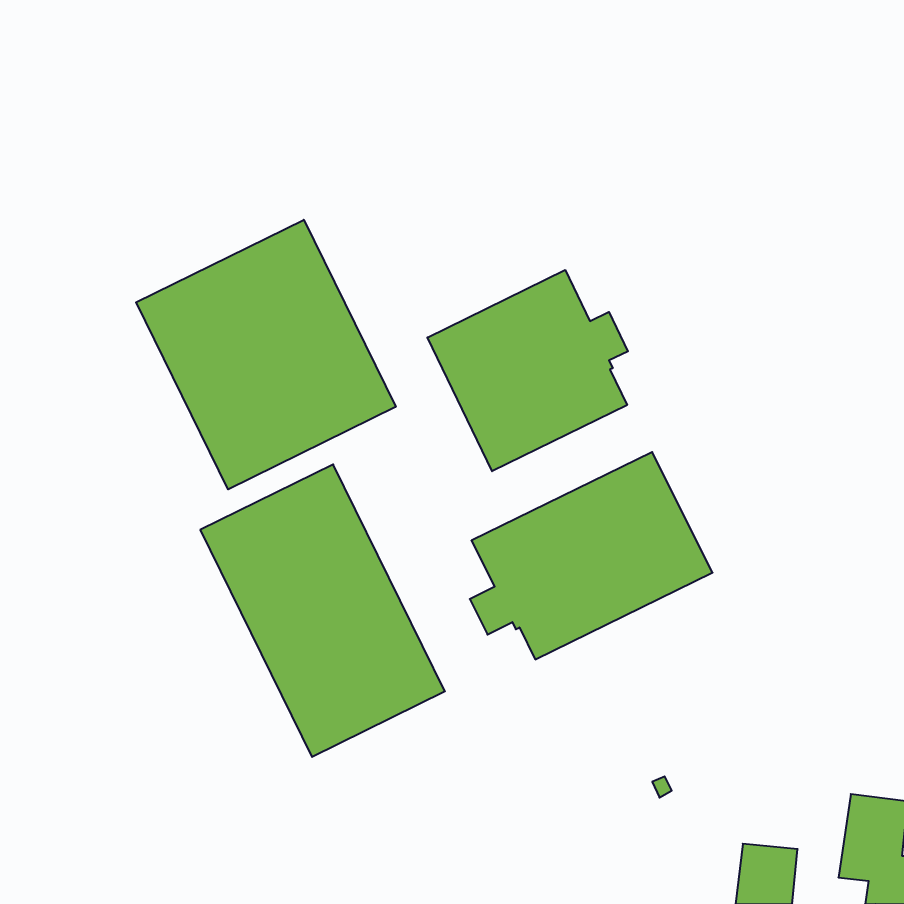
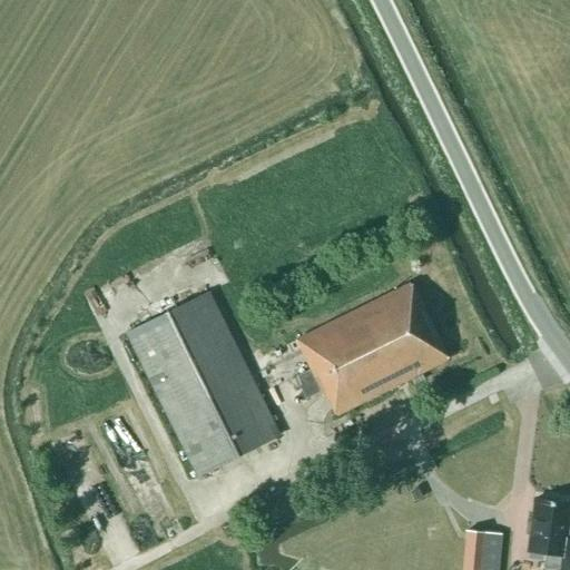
building: [136,220,396,489] -> none
building: [427,270,628,471] -> none

